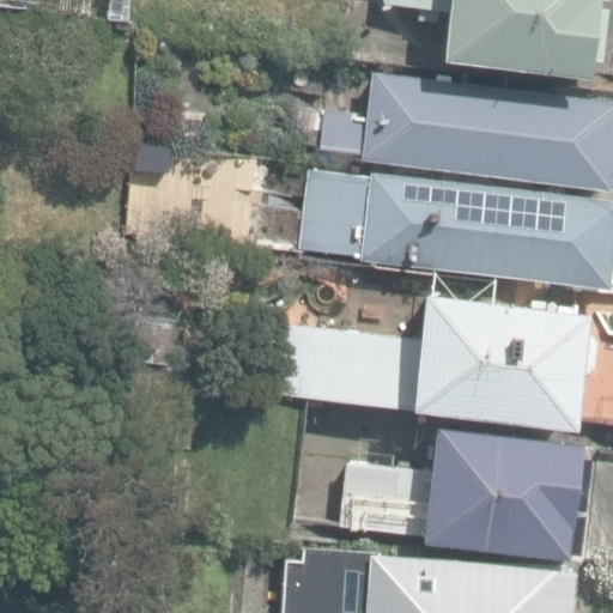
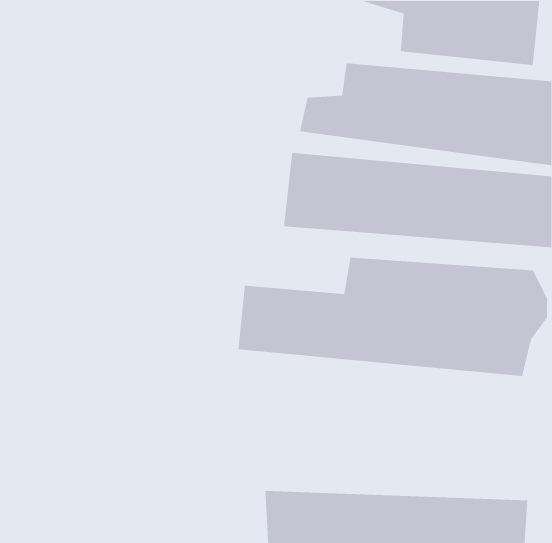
building: [352,430,585,551] -> none

